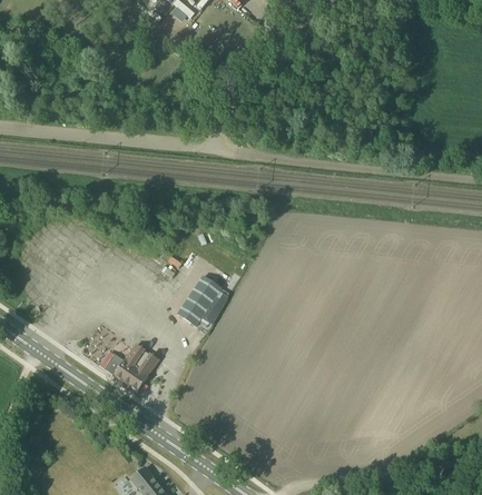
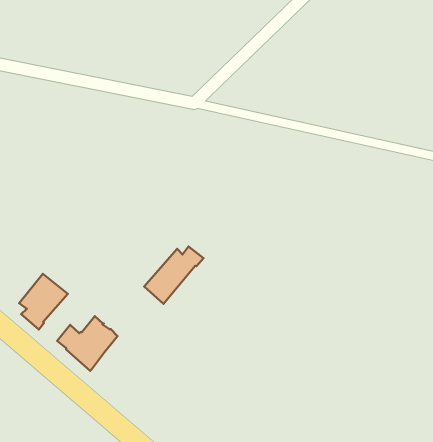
building: none -> [19,274,68,329]

